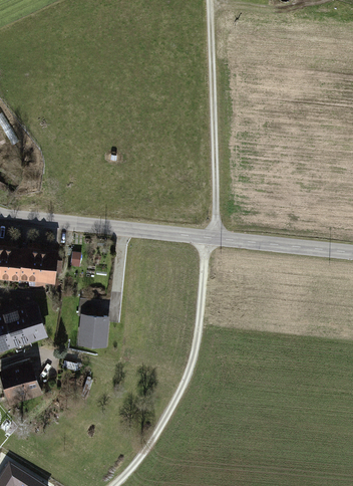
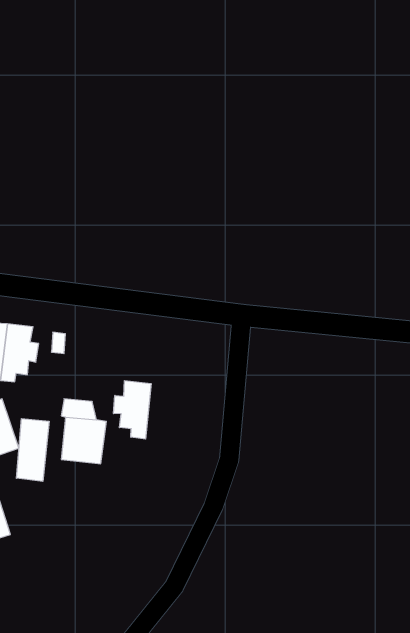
building: none -> [114,381,151,439]
building: none -> [16,419,49,481]

